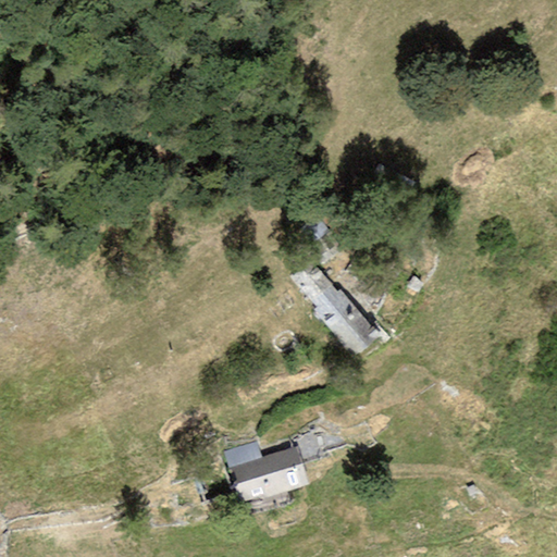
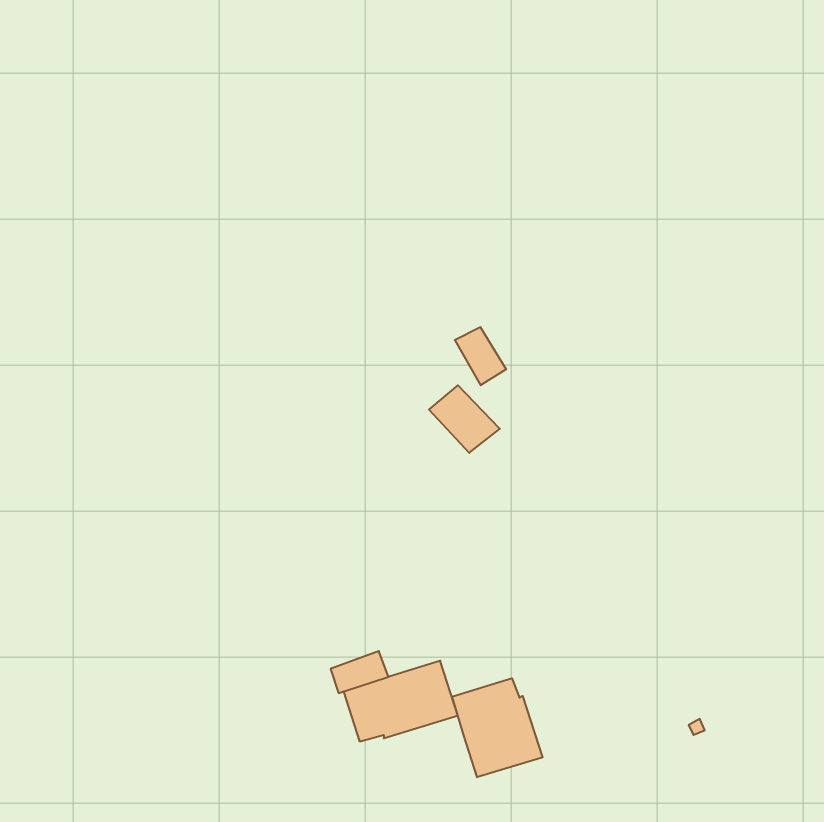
building: [313,288,379,355] -> none
building: none -> [452,678,543,777]

